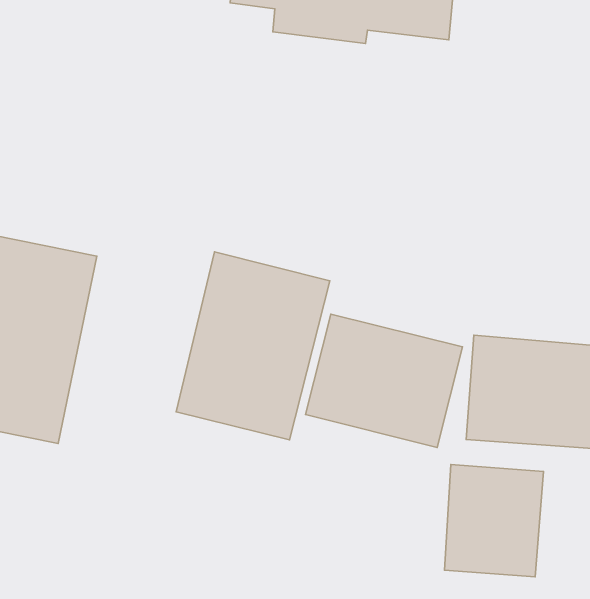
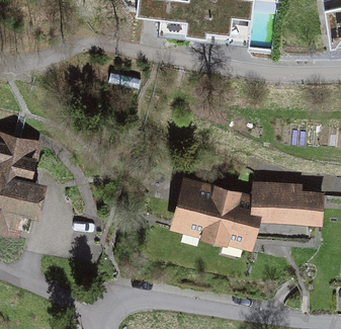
building: [176,252,330,440] -> none
building: [445,465,543,577] -> none

